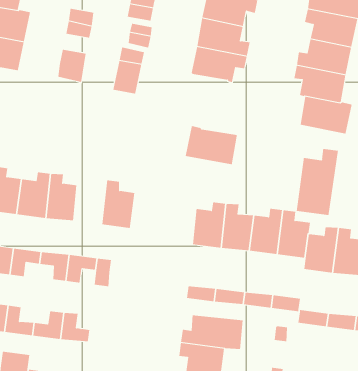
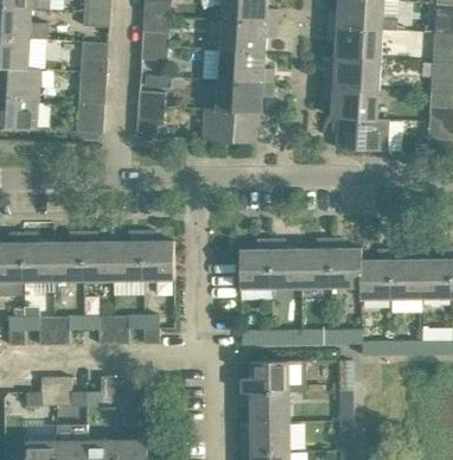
building: [185,125,238,165] -> [203,108,255,143]
building: [296,148,338,216] -> none
building: none -> [113,232,143,280]

